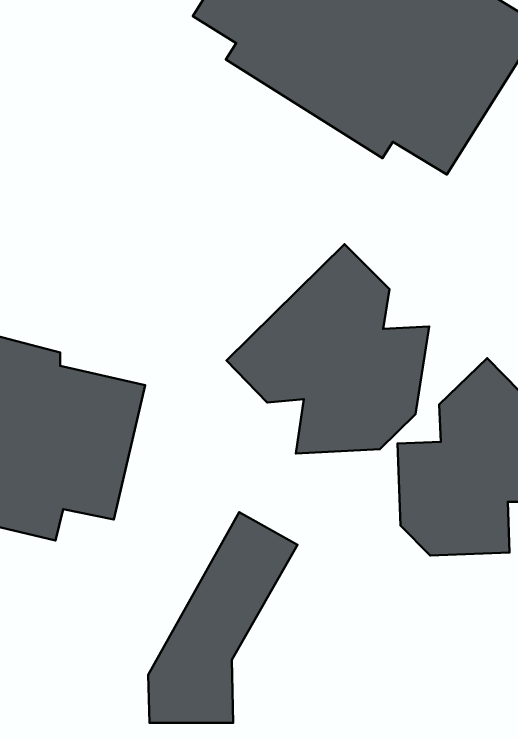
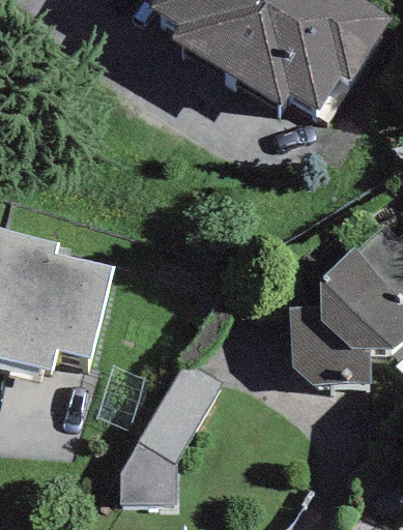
building: [227,244,429,453] -> none

